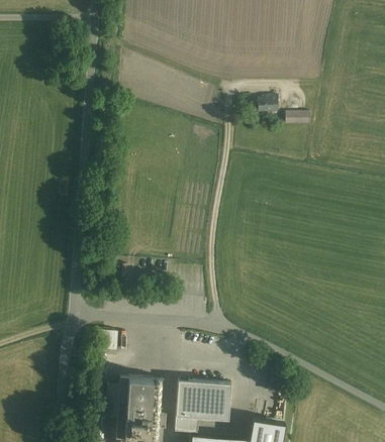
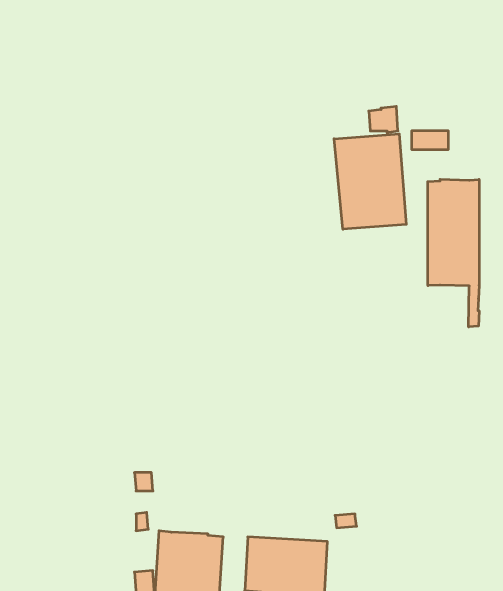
building: none -> [334,134,406,229]
building: none -> [428,179,479,327]

